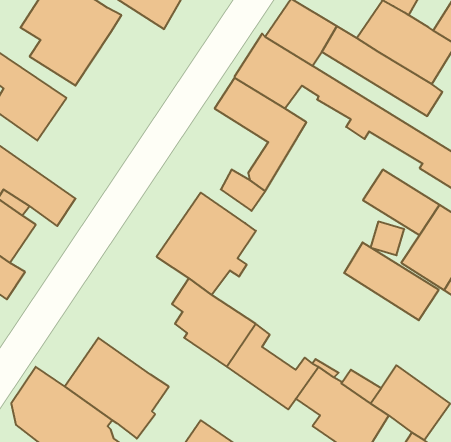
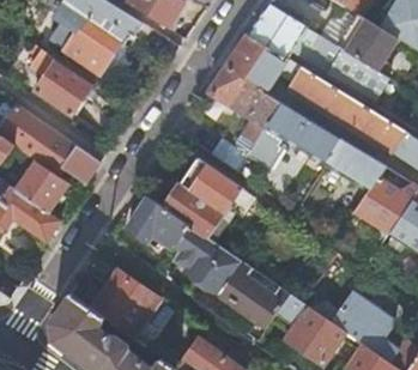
building: [344,242,439,320] -> [266,102,340,163]
building: none -> [126,196,188,249]

